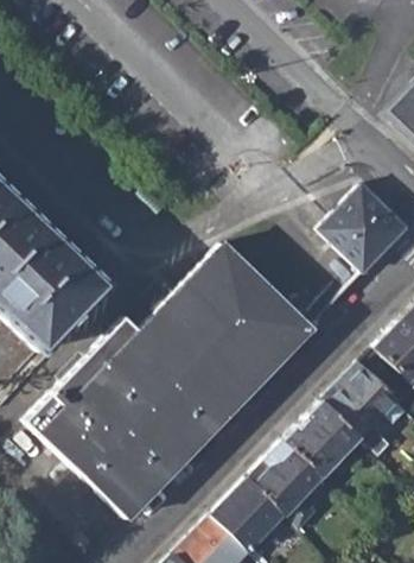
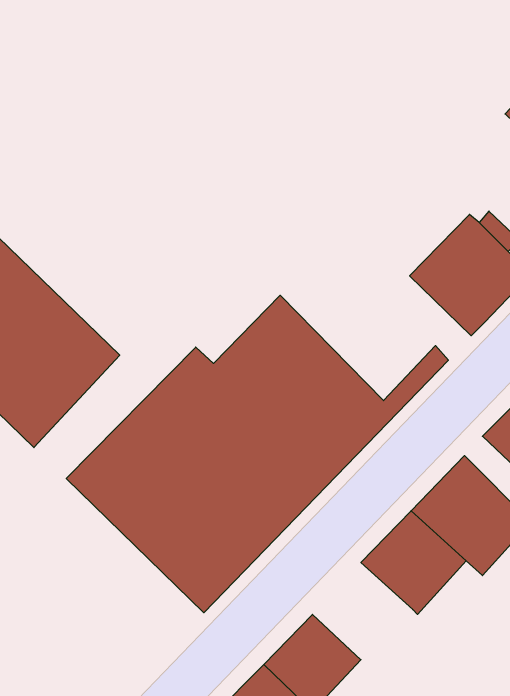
building: [27,379,170,519] -> none
building: [249,441,323,514] -> none

